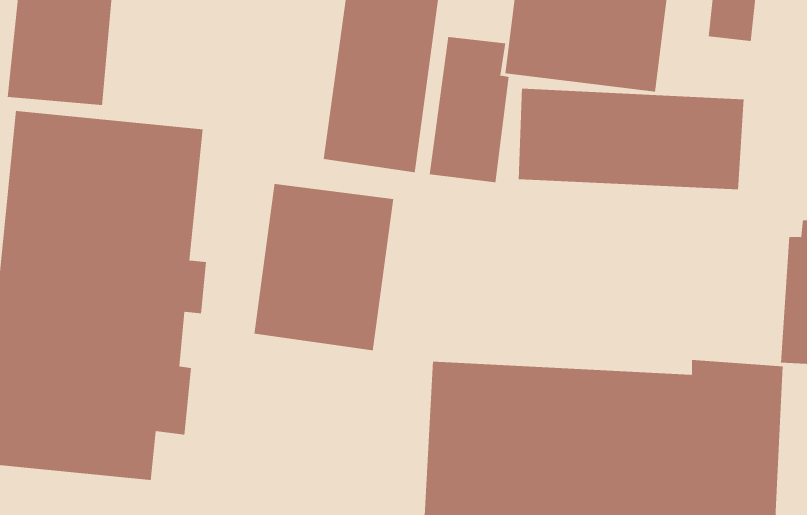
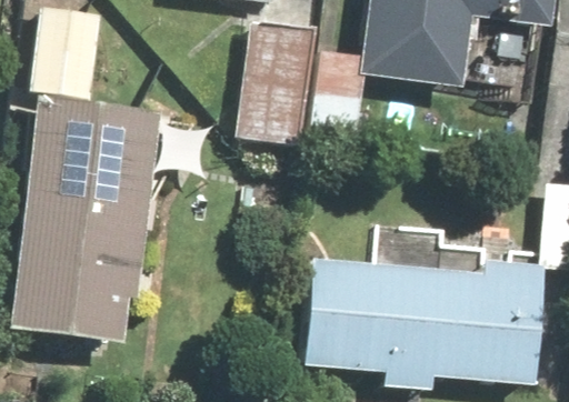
building: [518,88,744,190] -> none
building: [254,183,394,351] -> none

